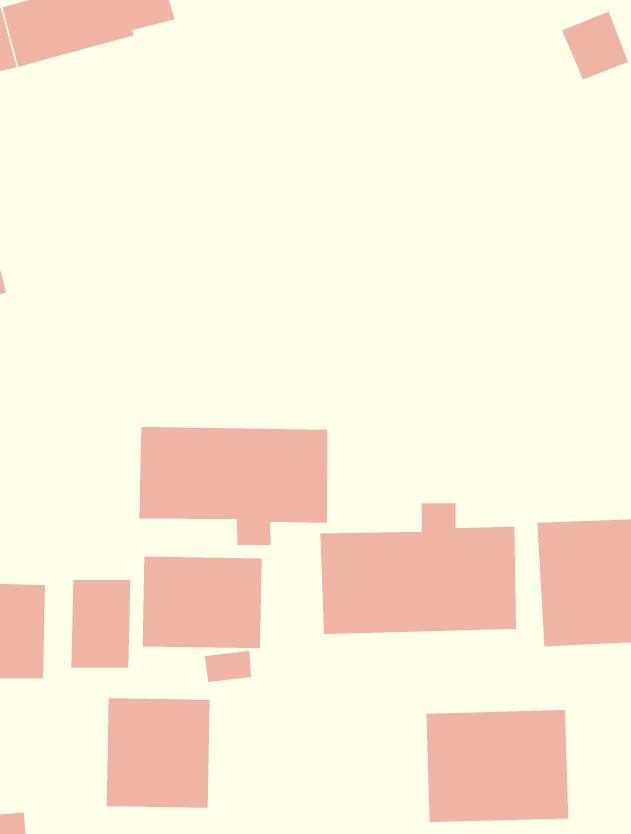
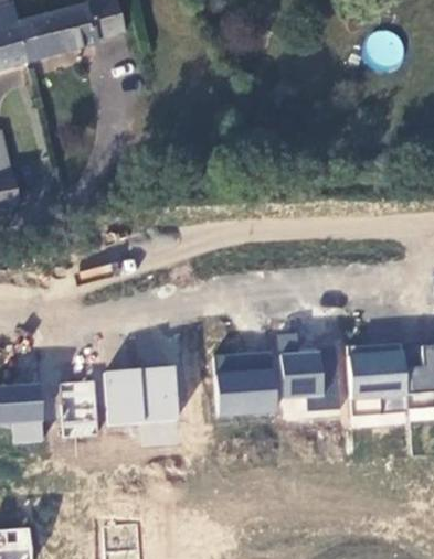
building: [139,426,328,546] -> none
building: [106,698,210,808] -> none
building: [426,709,569,823] -> none

